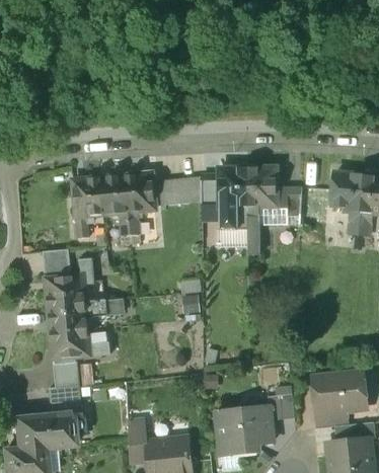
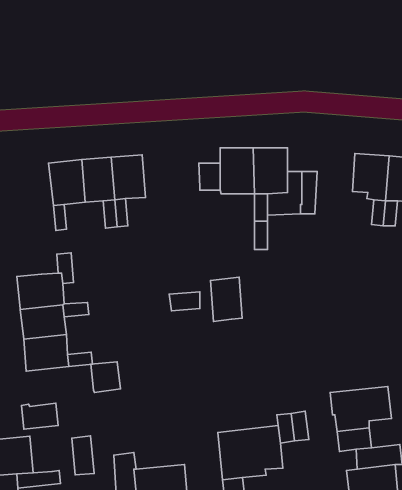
building: [161,175,202,205] -> none
building: [220,207,248,230] -> none
building: [43,248,70,278] -> none
building: none -> [210,277,242,322]
building: [53,363,78,389] -> [91,362,121,393]
building: [56,412,75,446] -> [72,436,94,475]

